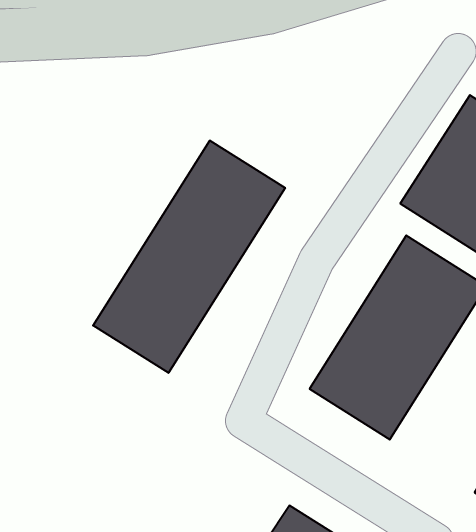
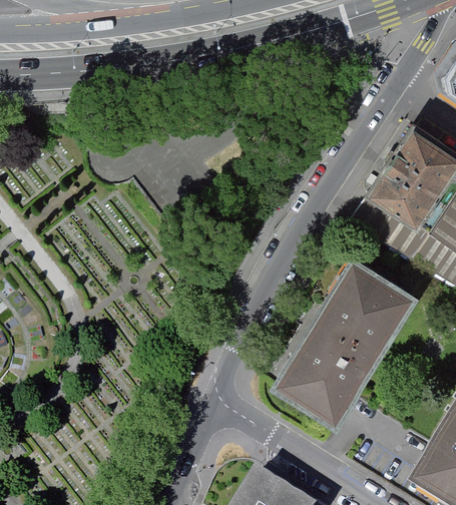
building: [93,140,285,373] -> none

